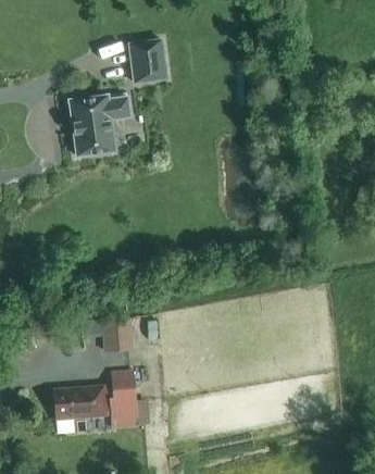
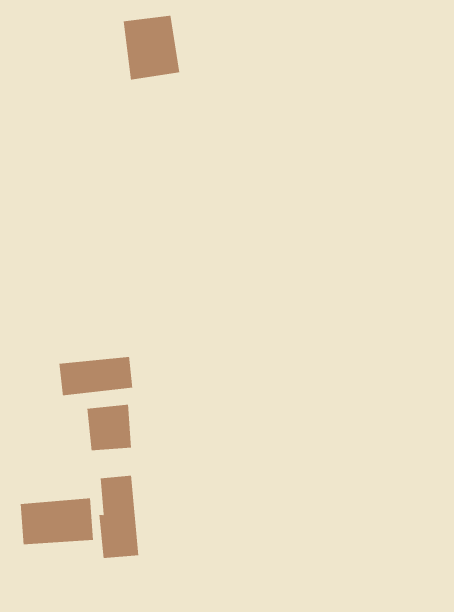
building: [68,95,129,155] -> none
building: none -> [59,356,133,396]

